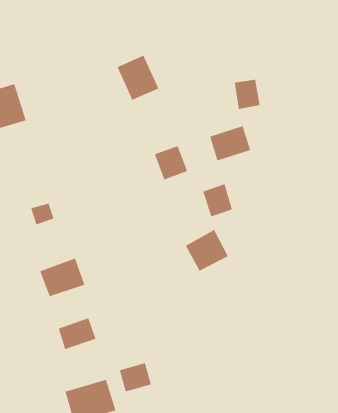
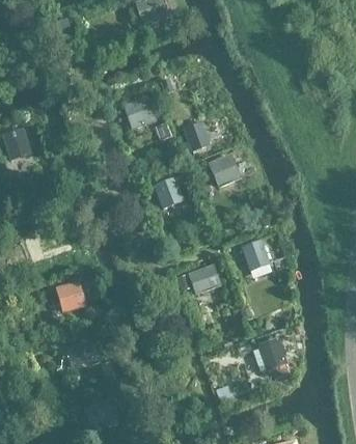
building: [234,79,260,110] -> [186,122,211,151]
building: [202,183,233,218] -> [243,239,272,271]
building: none -> [244,335,290,380]
building: [119,362,152,392] -> none

